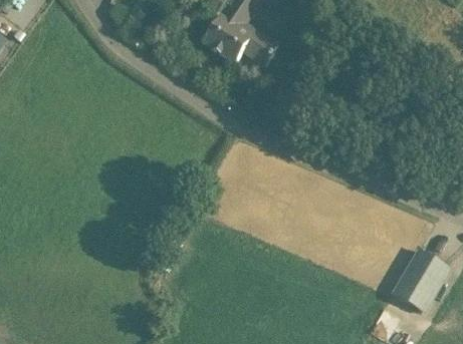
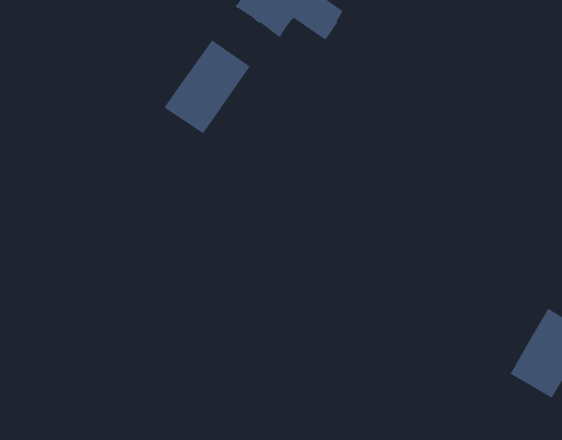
building: none -> [164,39,251,134]

